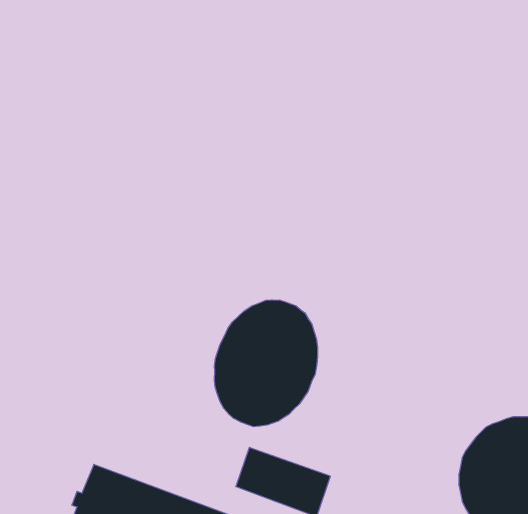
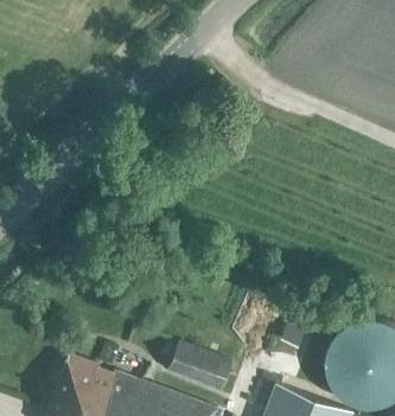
building: [215,300,318,427] -> none

